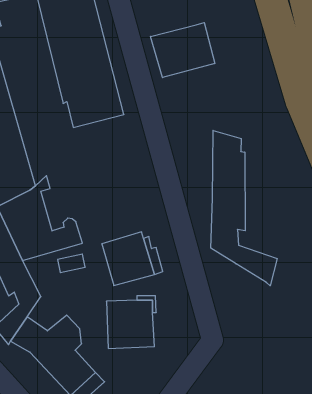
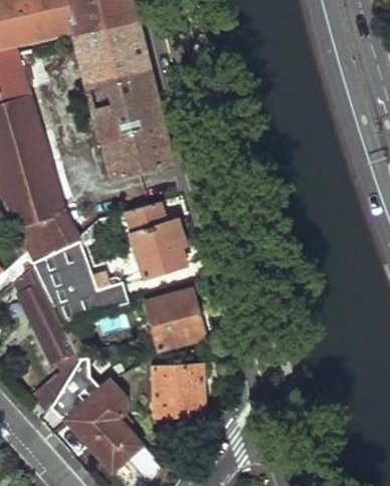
building: [151,23,215,78] -> none
building: [211,130,277,286] -> none
building: none -> [127,203,186,276]

